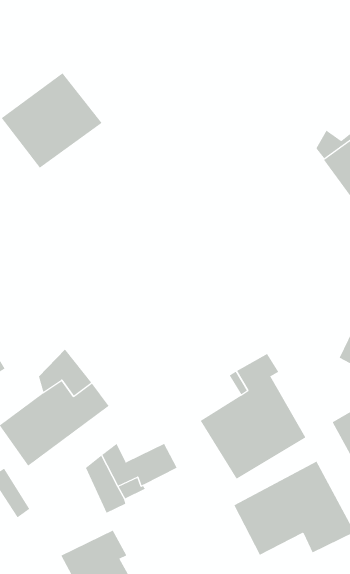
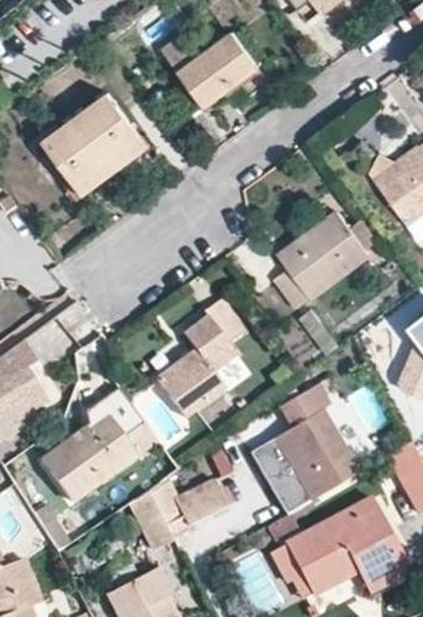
building: none -> [162,33,257,107]
building: none -> [273,210,368,308]
building: none -> [155,299,242,418]

